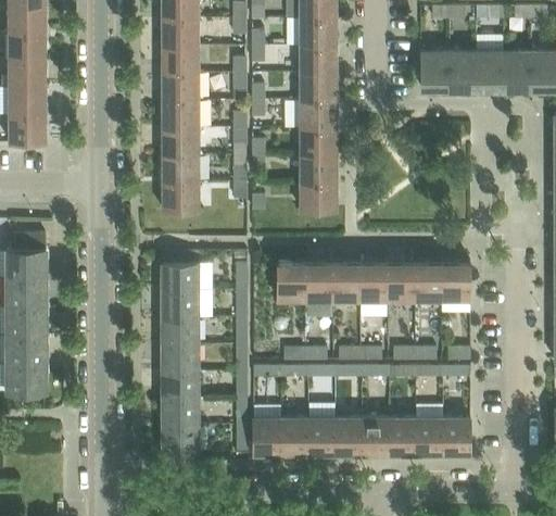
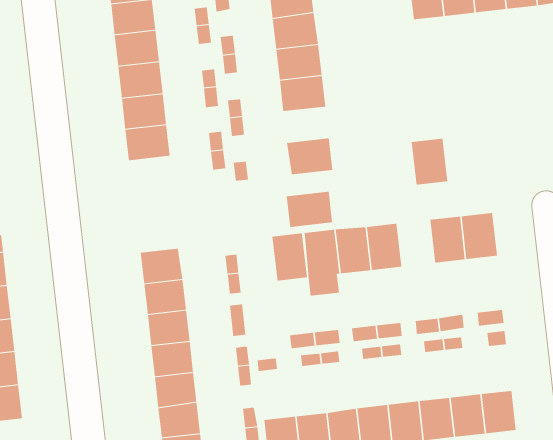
building: [300,155,338,183] -> [286,191,333,227]
building: [162,183,199,211] -> none
building: [388,263,416,301] -> [411,138,448,185]

